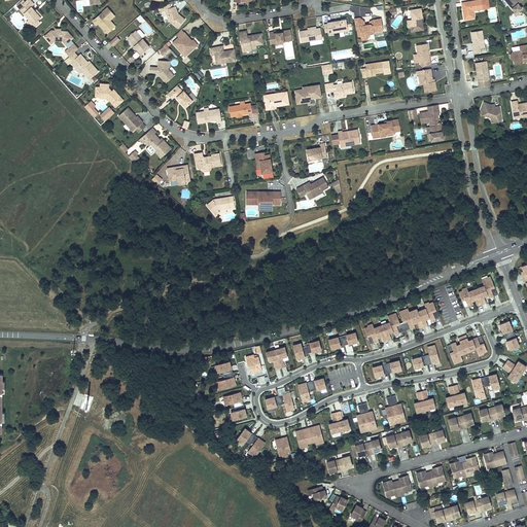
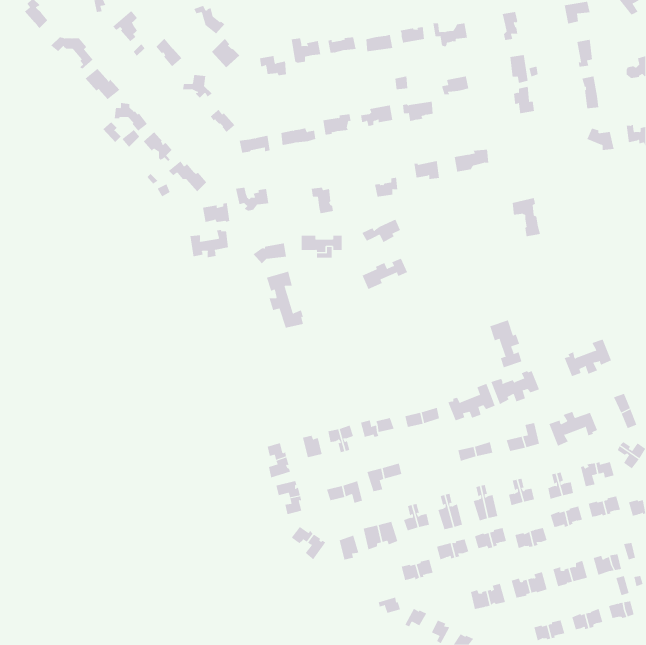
building: [419,110,443,142] -> [512,198,541,237]
building: none -> [190,229,229,258]
building: none -> [362,258,408,290]
building: none -> [266,271,304,329]
building: none -> [490,320,522,368]

